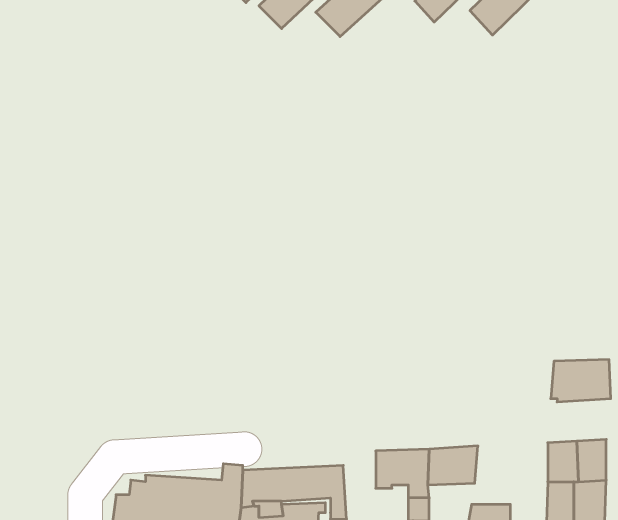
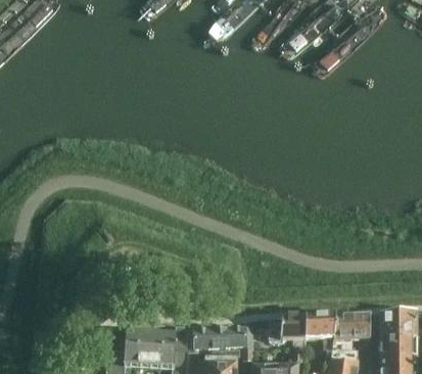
building: [551,360,611,402] -> [331,315,369,341]

